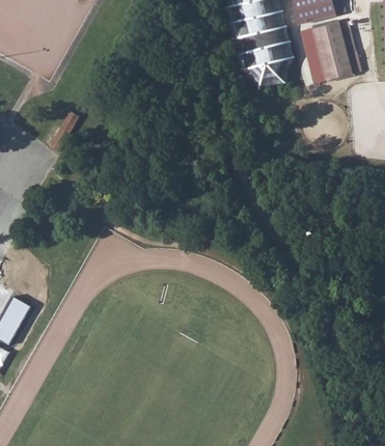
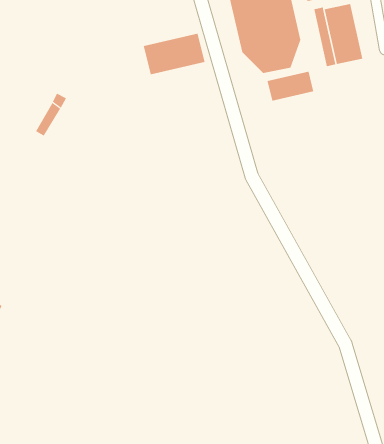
building: none -> [143,33,205,75]
building: none -> [267,71,314,102]

